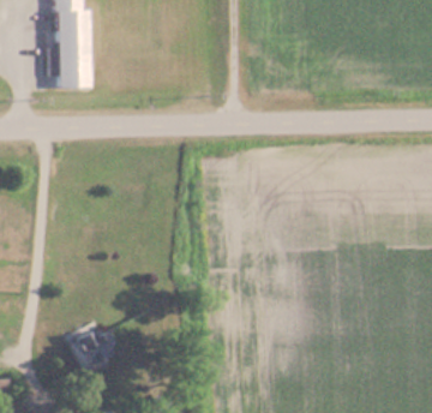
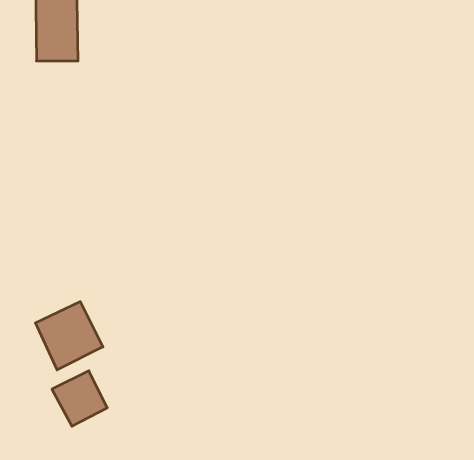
building: none -> [35,302,103,370]

